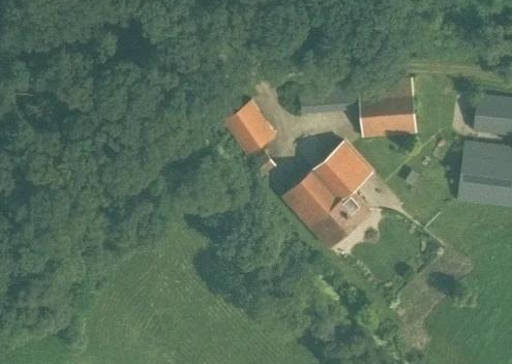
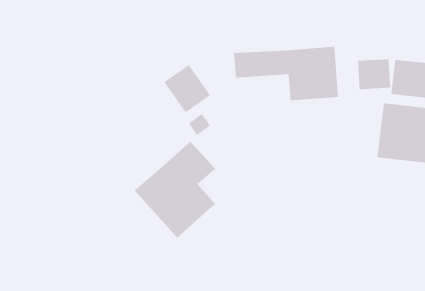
building: none -> [357,58,391,90]
building: [282,141,372,248] -> [134,141,216,239]

